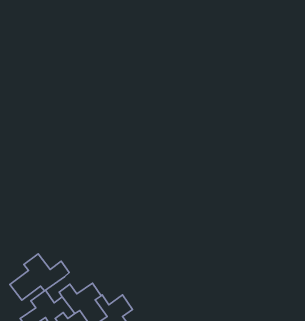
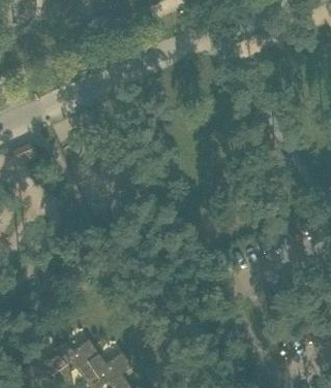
building: [10,254,69,300] -> none

